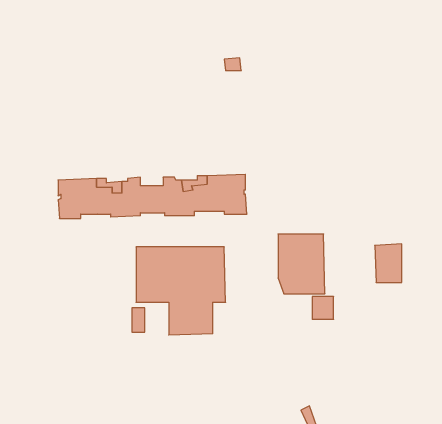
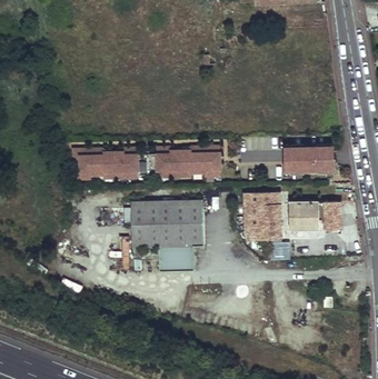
building: none -> [284,143,334,174]
building: none -> [289,202,319,230]

